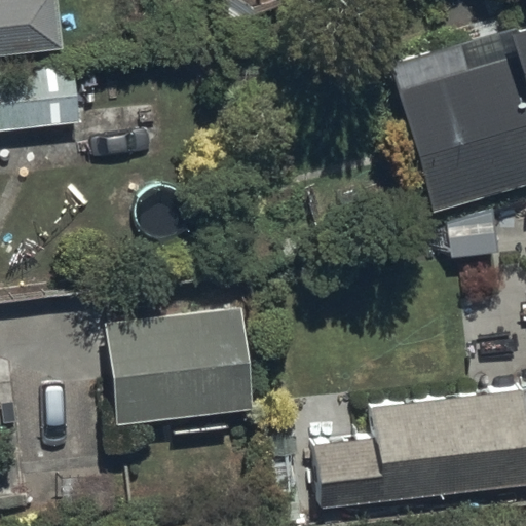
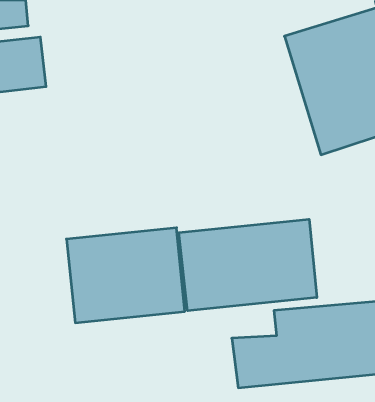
building: none -> [179,219,317,311]

